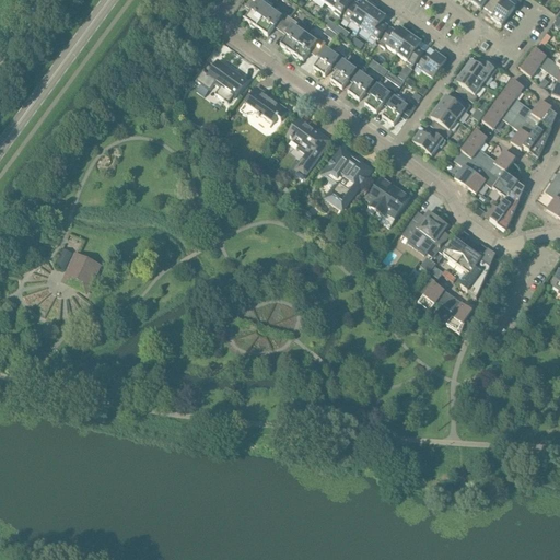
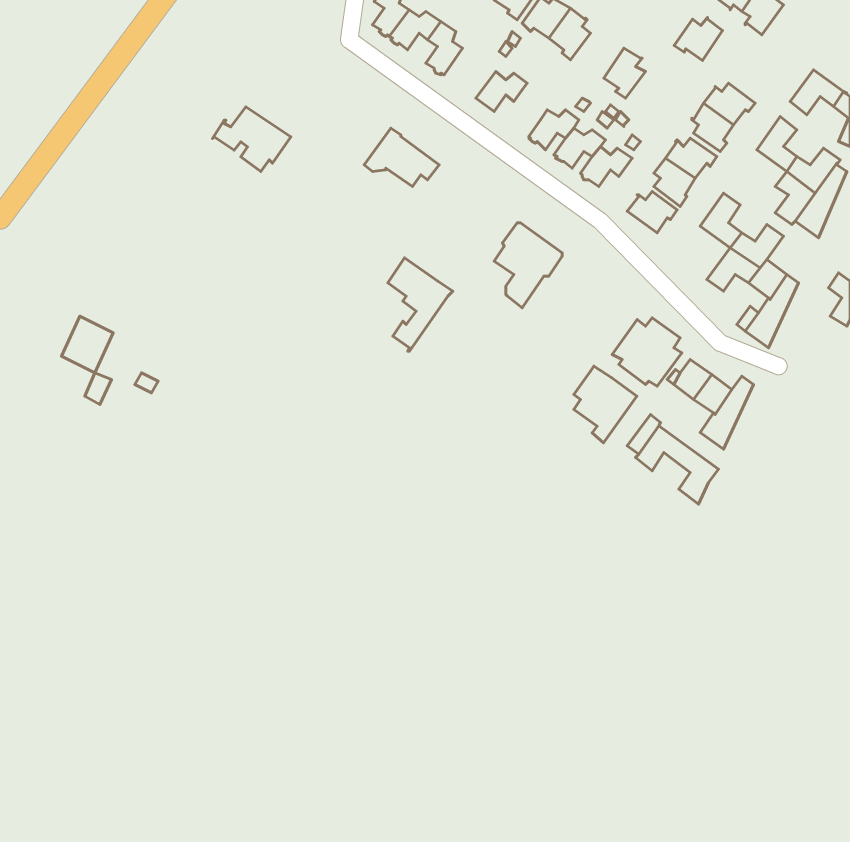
building: [378,23,410,51] -> none
building: [292,32,326,58] -> none
building: [415,48,446,77] -> [674,17,723,61]
building: [196,58,247,101] -> [212,107,291,172]
building: [330,59,364,85] -> none
building: [482,98,517,127] -> none
building: [288,116,330,177] -> [388,258,453,351]
building: [454,149,480,184] -> none
building: [369,175,410,225] -> [574,366,637,443]
building: [65,252,98,289] -> [62,316,113,373]

